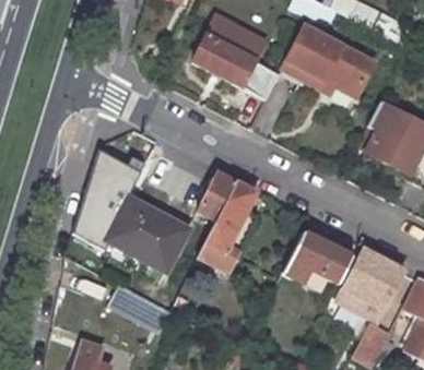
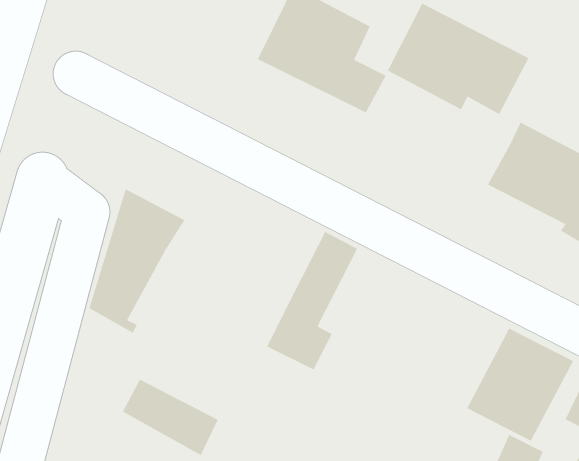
building: [196,169,237,222] -> none
building: [102,192,193,275] -> none
building: [283,229,354,290] -> none

